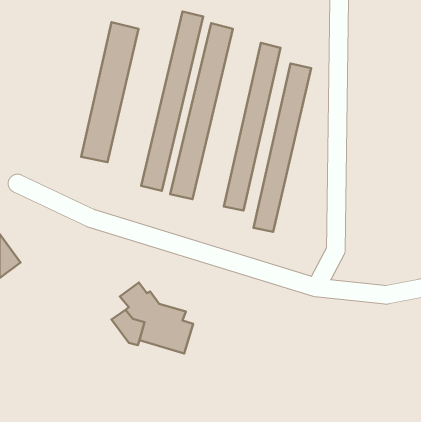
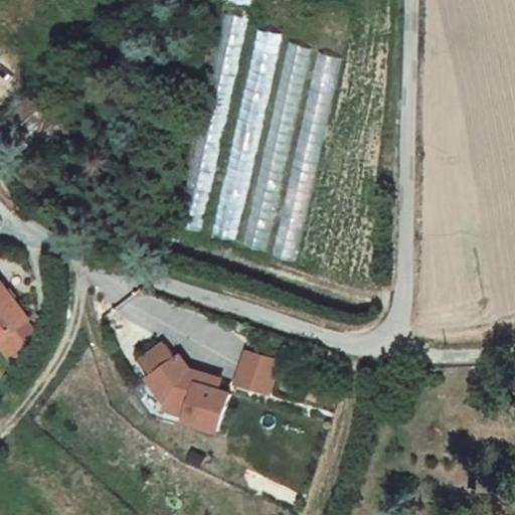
building: [81,22,138,162] -> none
building: [254,63,311,232] -> [242,43,313,248]
building: none -> [241,352,282,392]

